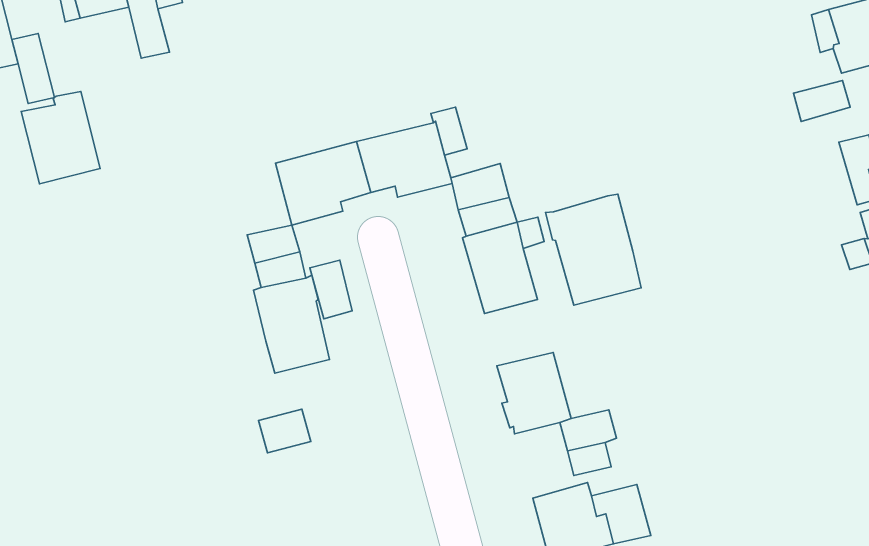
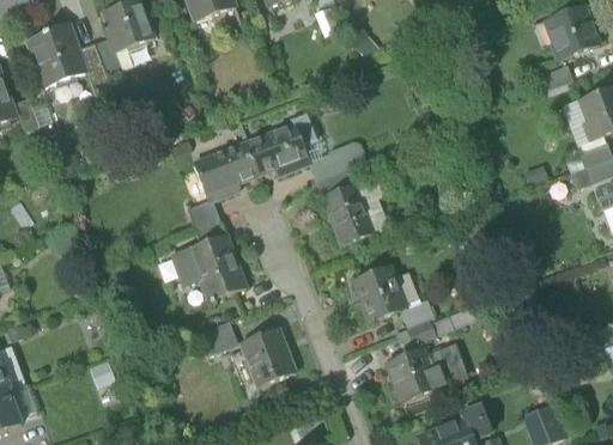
building: [21,92,100,184] -> none
building: [546,194,641,305] -> none
building: [310,260,352,319] -> [169,246,200,286]
building: none -> [241,325,296,385]

